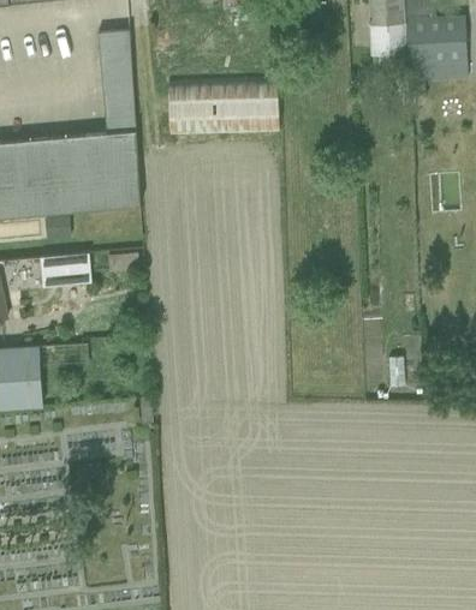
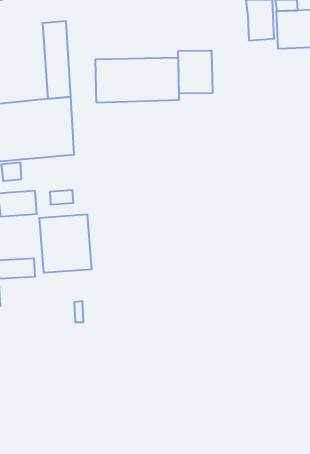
building: none -> [178,50,212,94]
building: none -> [39,214,92,273]

